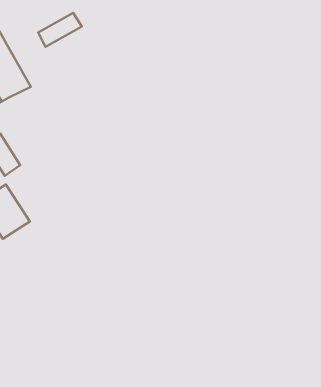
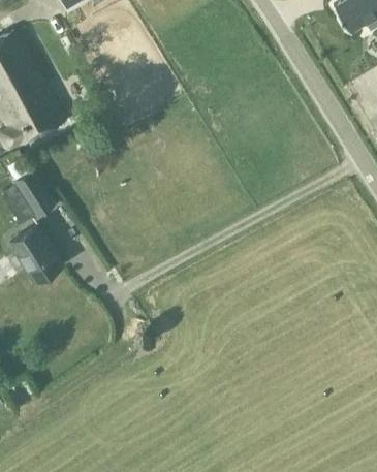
building: [38,13,82,47] -> none

